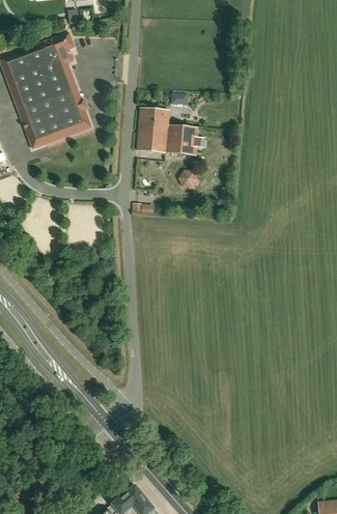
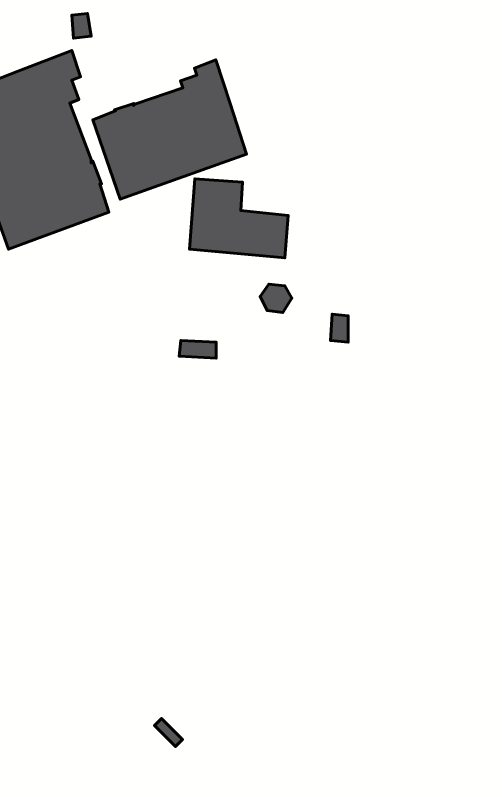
building: none -> [93,60,246,199]

